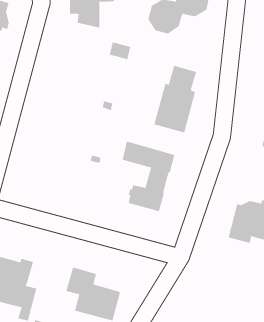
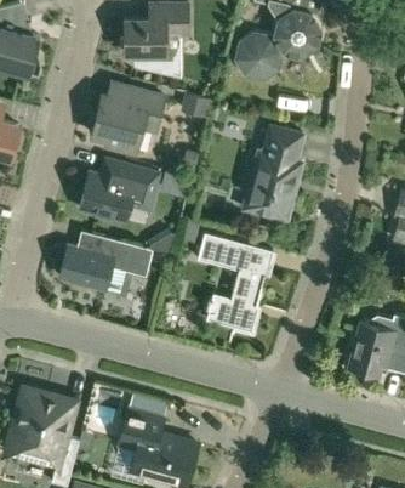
building: none -> [91,89,165,152]
building: none -> [79,164,159,221]
building: none -> [58,237,153,294]

